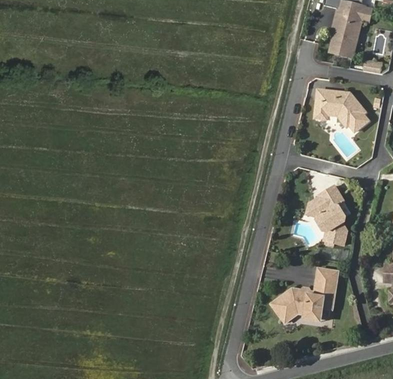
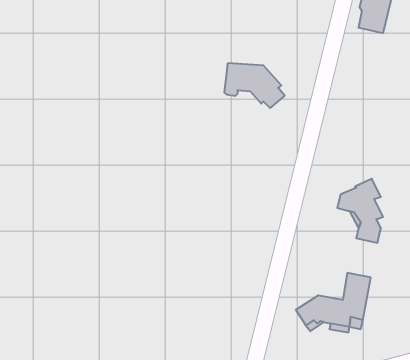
building: [314,92,368,132] -> [224,63,285,108]

